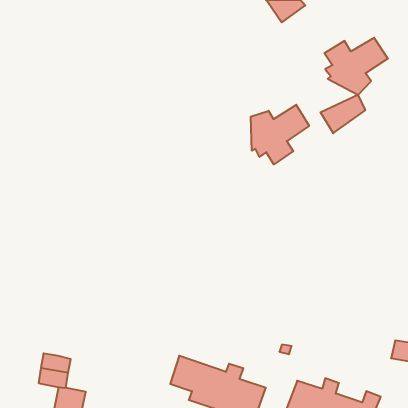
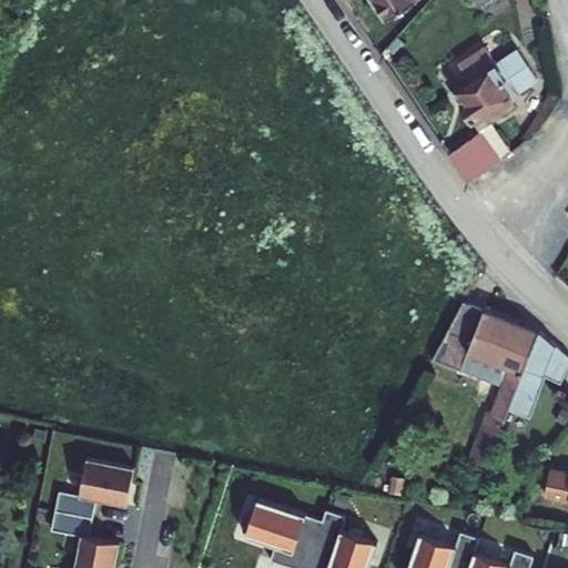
building: [251,105,309,164] -> none
building: none -> [432,294,562,444]
building: none -> [83,460,139,505]

